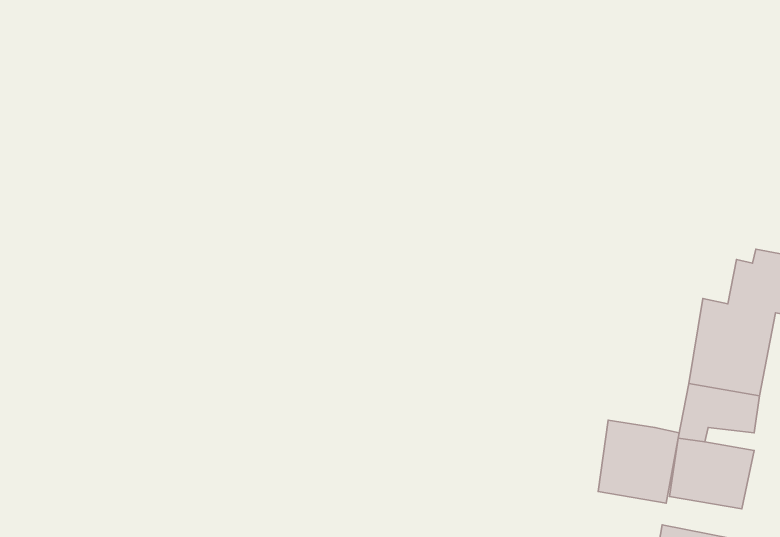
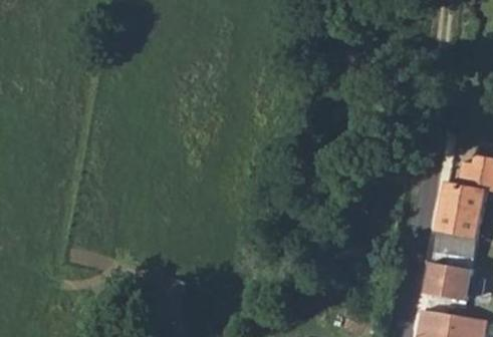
building: [598,420,679,503] -> none

